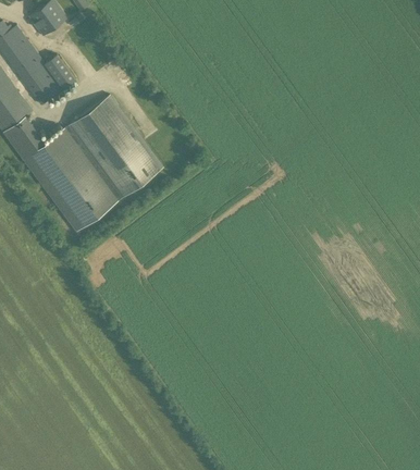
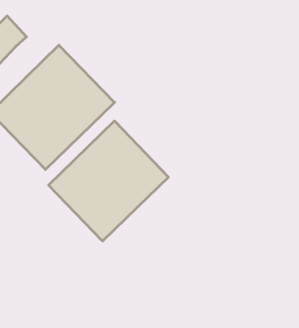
building: none -> [49,121,168,241]

